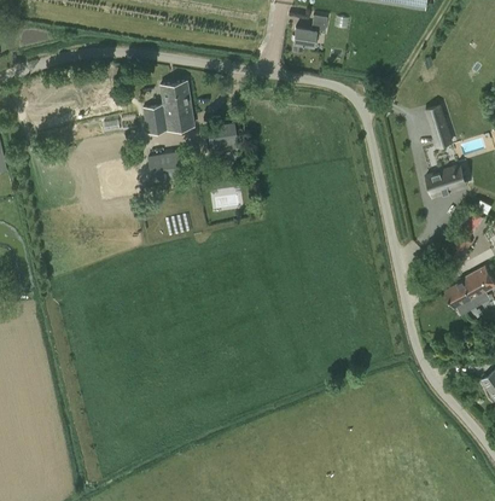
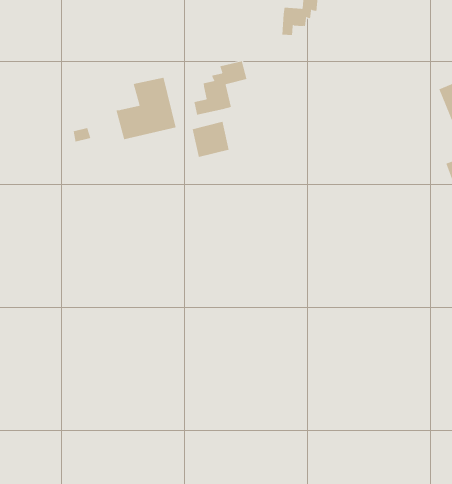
building: none -> [194,60,247,116]
building: [148,153,185,180] -> none

